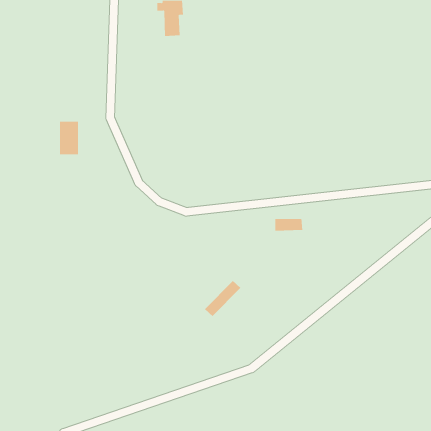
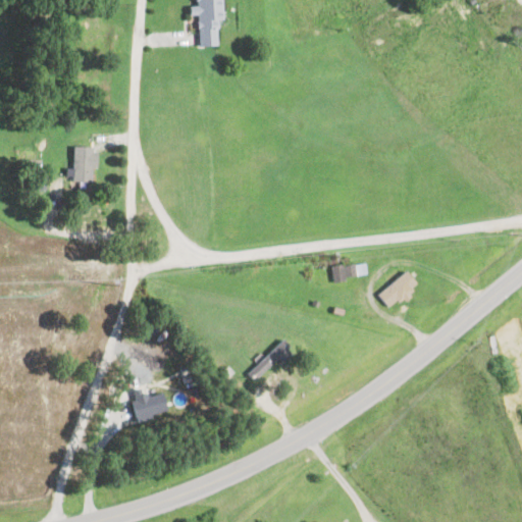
building: none -> [378,270,419,310]
building: none -> [133,388,168,421]

